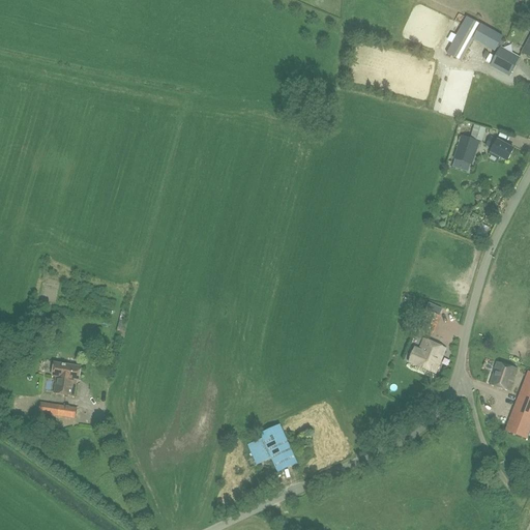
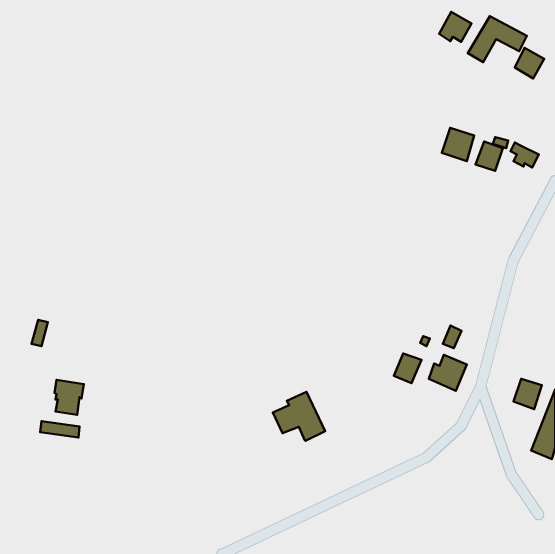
building: none -> [439,12,472,42]
building: none -> [442,128,474,161]
building: none -> [394,353,421,383]
building: [246,423,296,470] -> [273,392,325,441]

